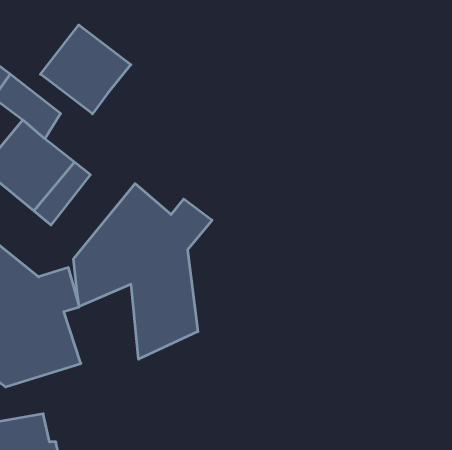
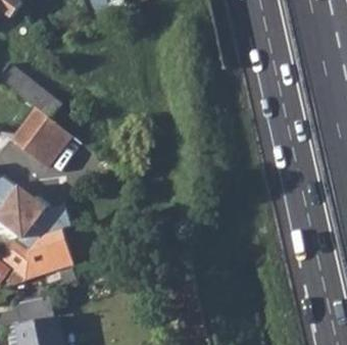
building: [40,25,131,114] -> none
building: [74,184,212,359] -> none

